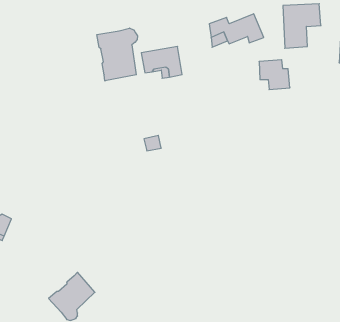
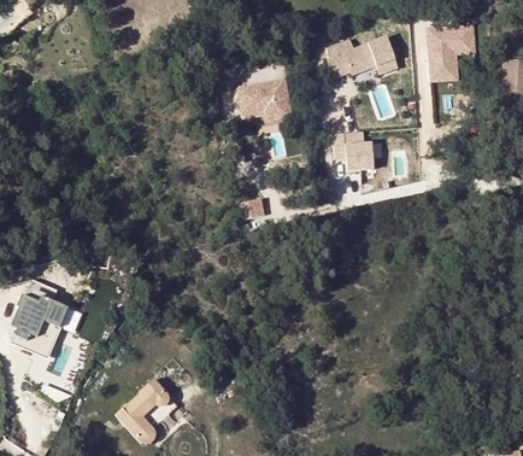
building: [97,28,138,81] -> none
building: [259,60,290,90] -> [333,131,374,171]

